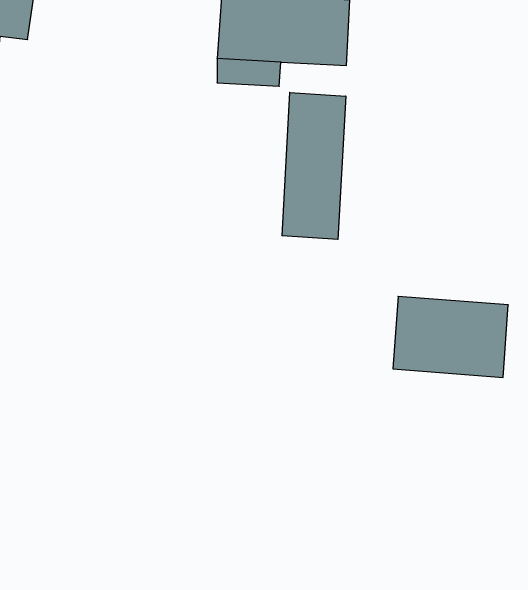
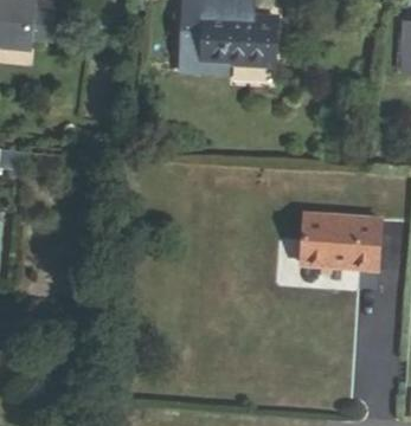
building: [282,92,346,239] -> none

